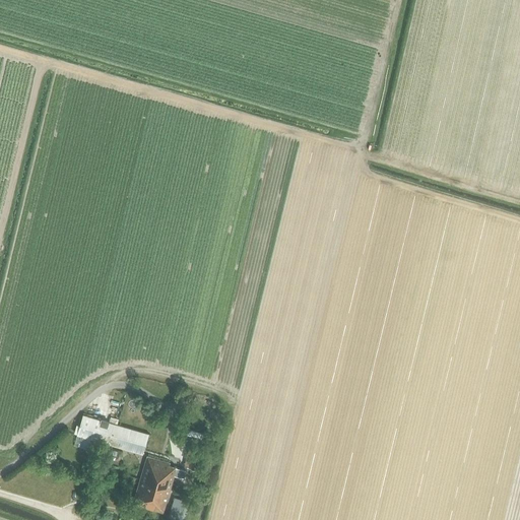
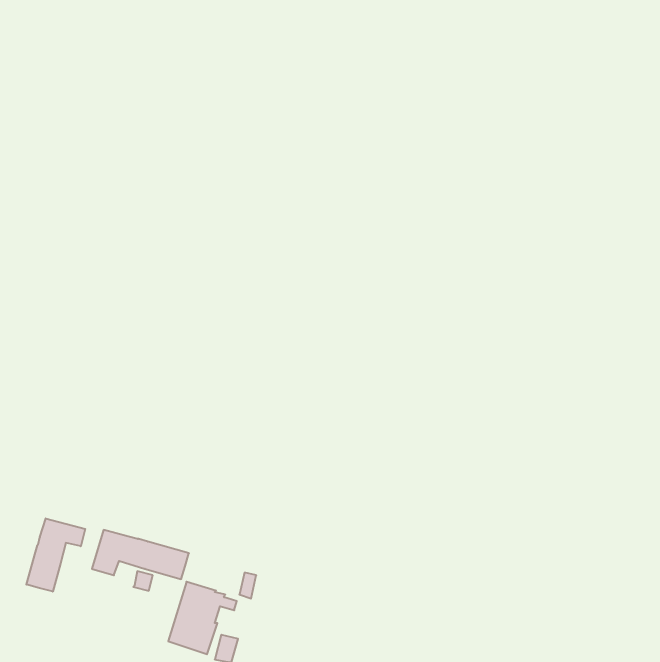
building: none -> [26,518,85,592]

